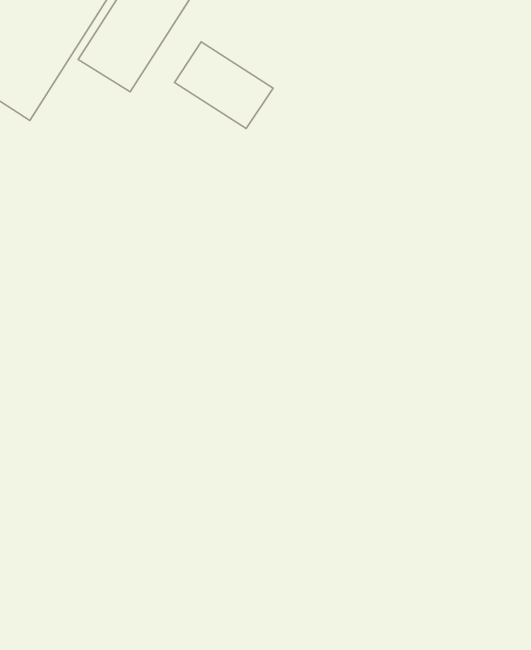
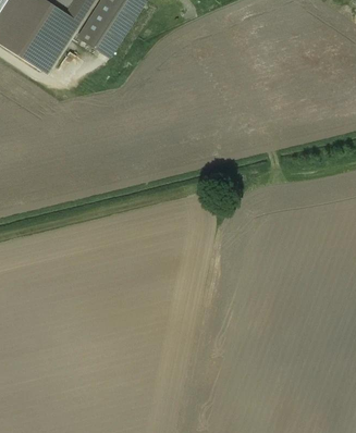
building: [174,42,273,129] -> none

